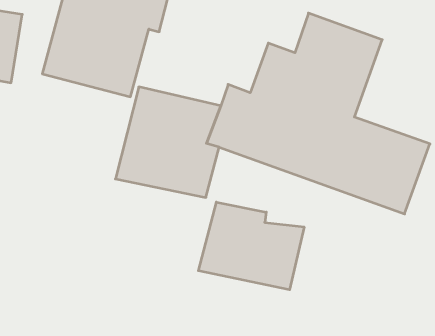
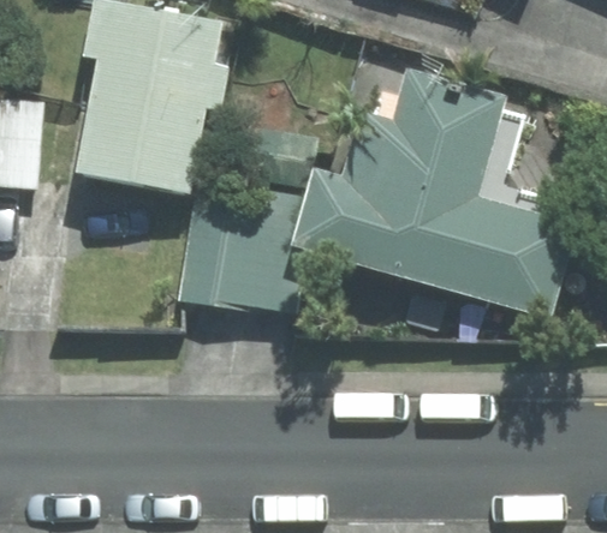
building: [198,202,304,290] -> none

